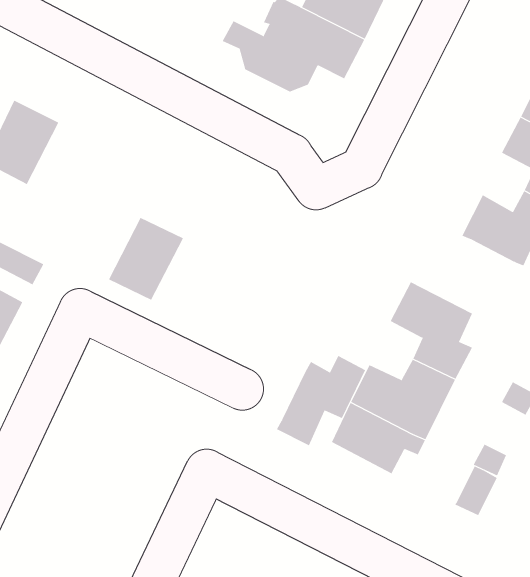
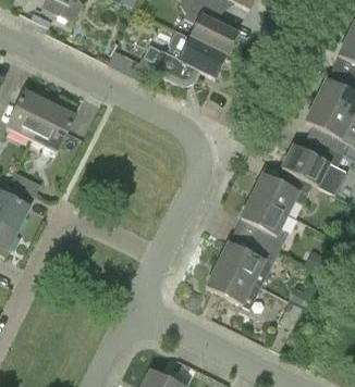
building: [108,217,184,300] -> [32,102,75,150]
building: none -> [253,170,313,212]
building: [276,355,366,446] -> none

